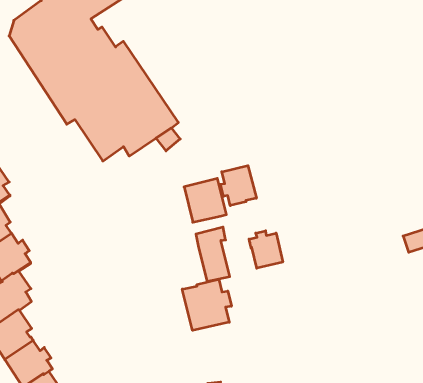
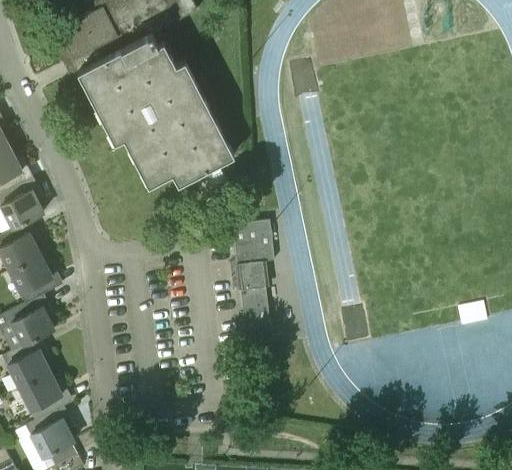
building: [221,166,256,206] -> none
building: [249,231,283,268] -> none
building: [182,279,231,330] -> none

